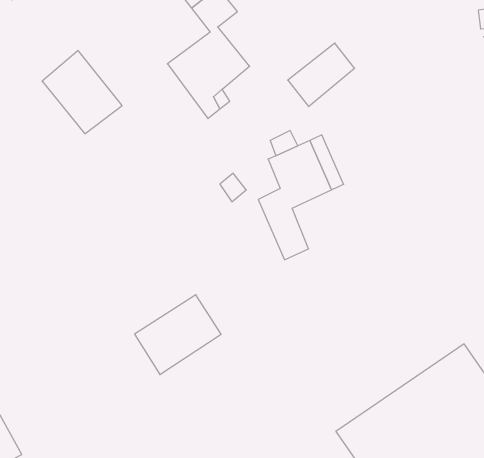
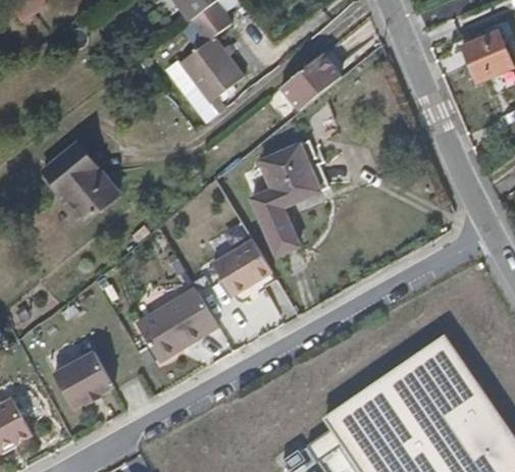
building: [42,51,122,134] -> [44,144,118,221]
building: none -> [211,241,272,300]
building: none -> [51,350,112,410]

